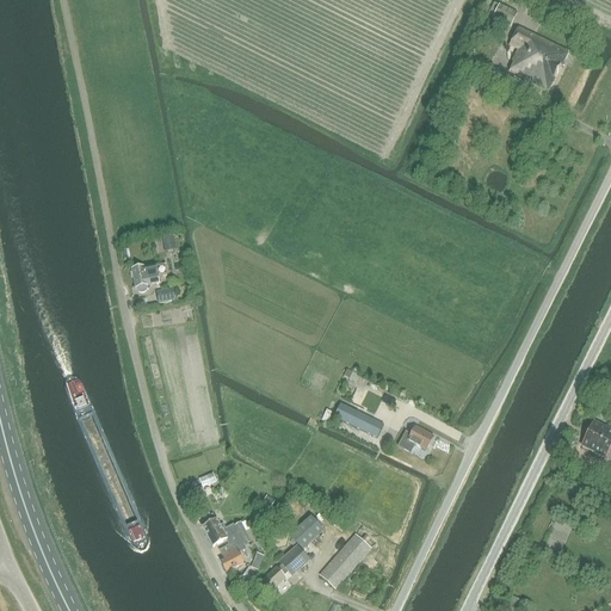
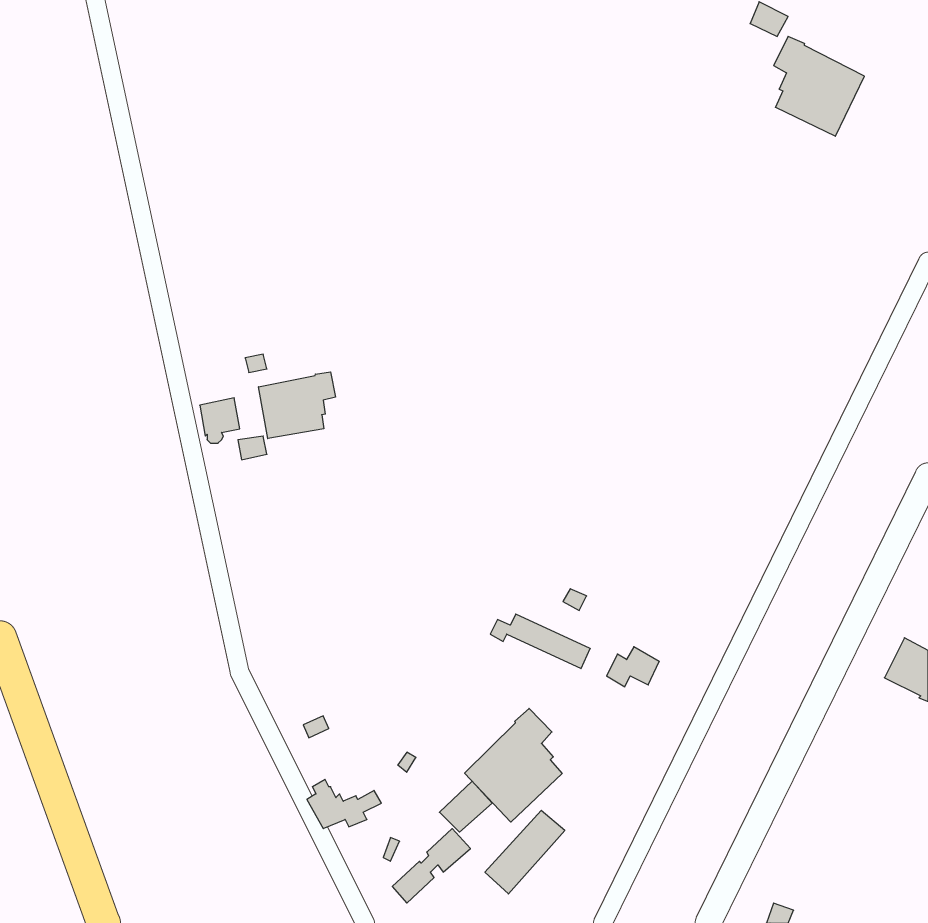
building: none -> [259,372,335,439]
building: none -> [465,708,562,822]
building: [220,524,259,570] -> none

